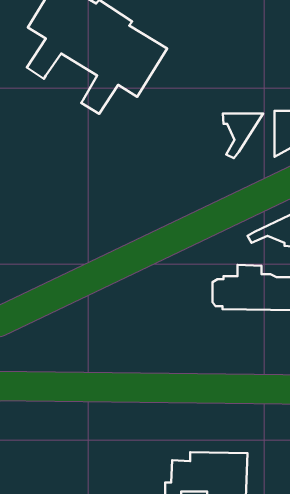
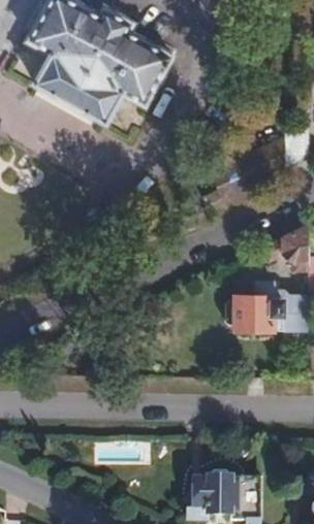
building: none -> [53,65,105,112]
building: [223,114,263,158] -> none

